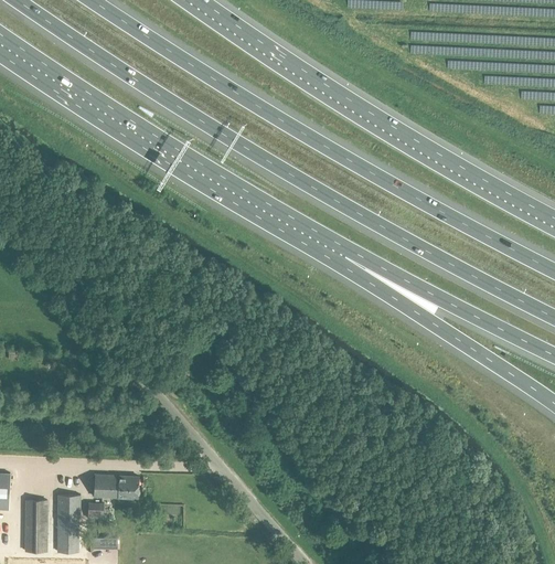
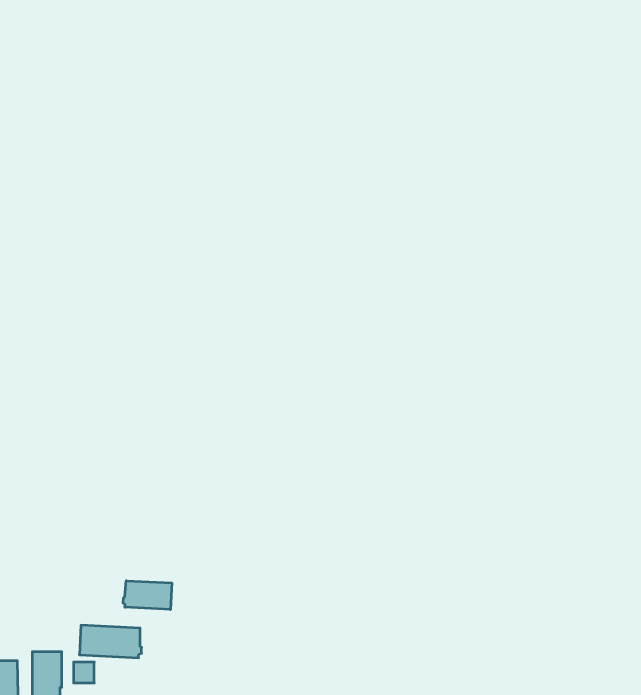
building: none -> [123,581,172,610]

